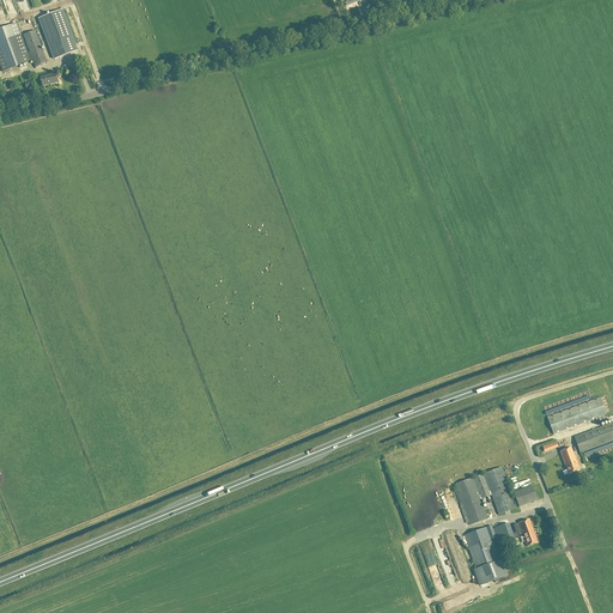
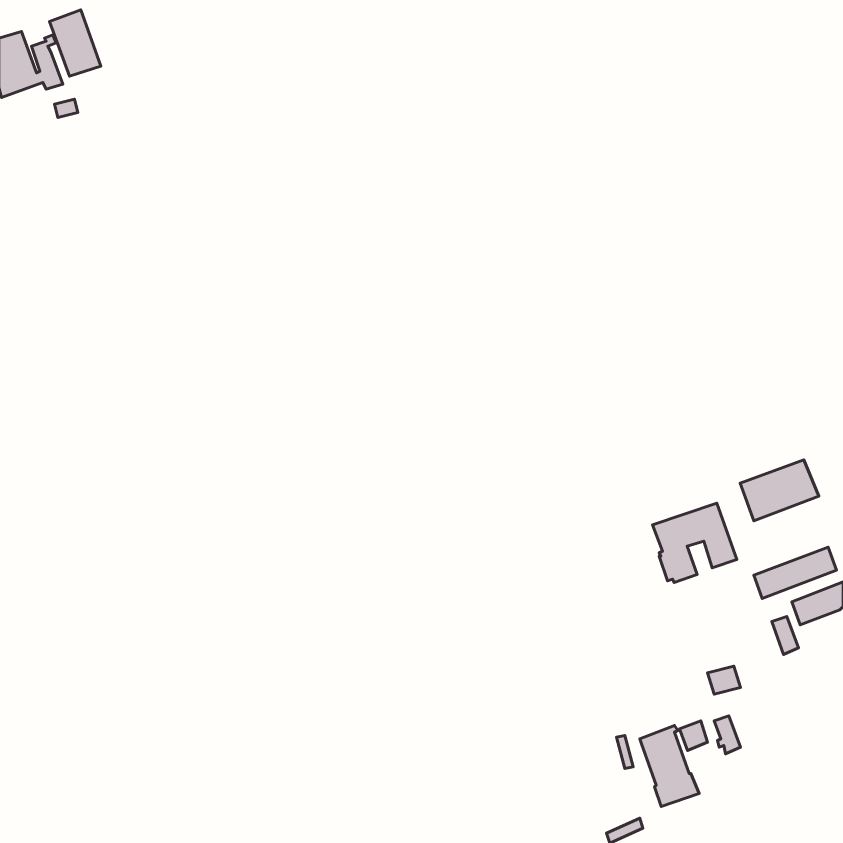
building: none -> [740,460,819,521]
building: [454,467,515,524] -> [653,503,737,583]

